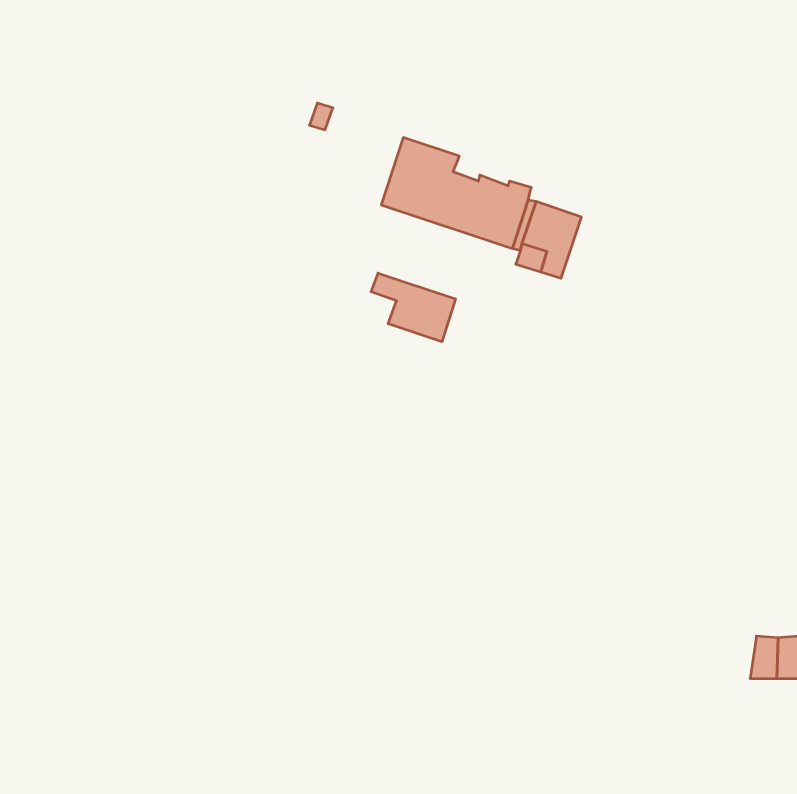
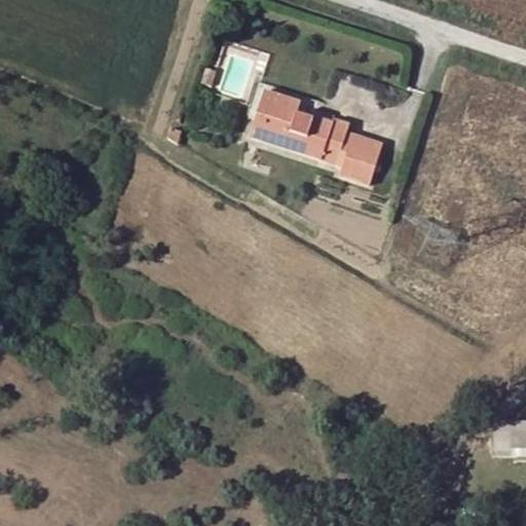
building: [371,273,455,342] -> none

